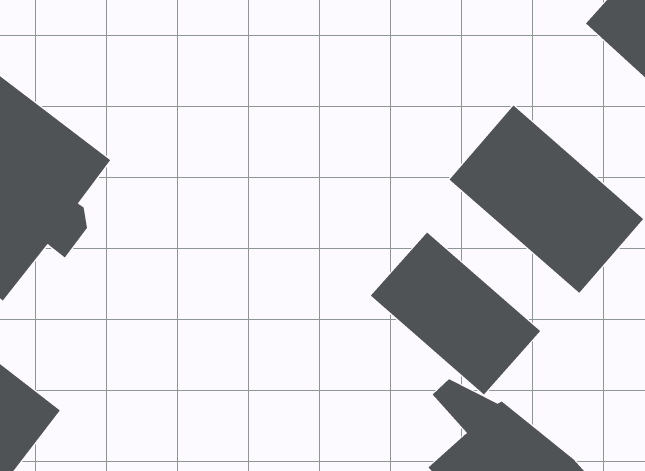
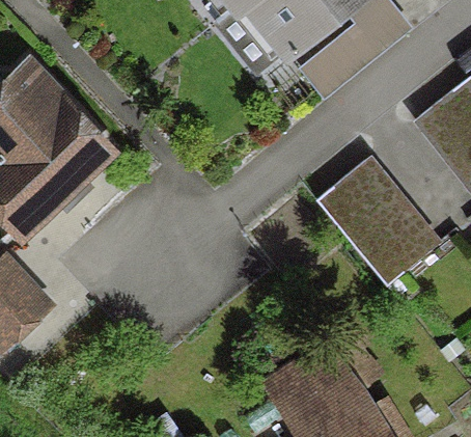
building: [370,231,541,396] -> none

